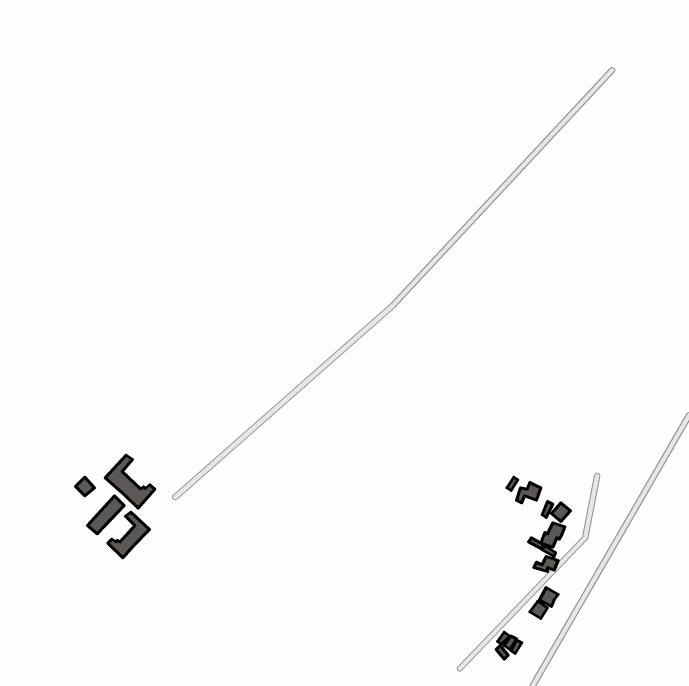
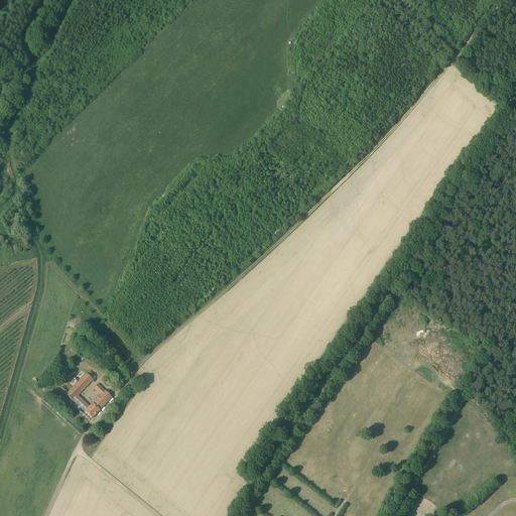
building: [105,455,155,508] -> none

